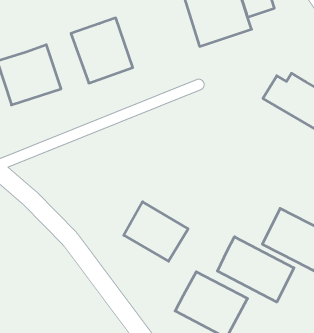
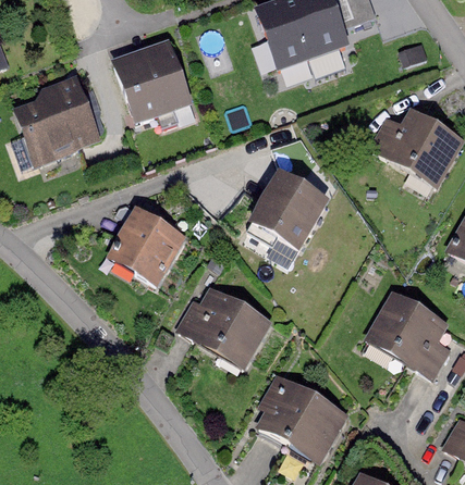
building: none -> [246,171,325,248]
building: none -> [107,207,184,283]
building: [217,237,294,302] -> none

